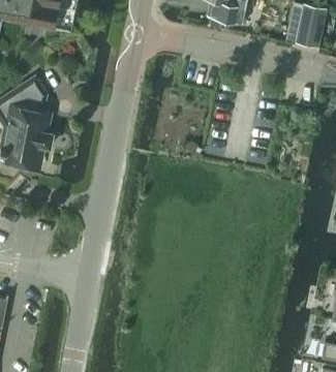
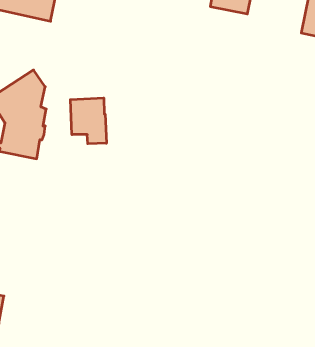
building: none -> [70,98,106,144]

